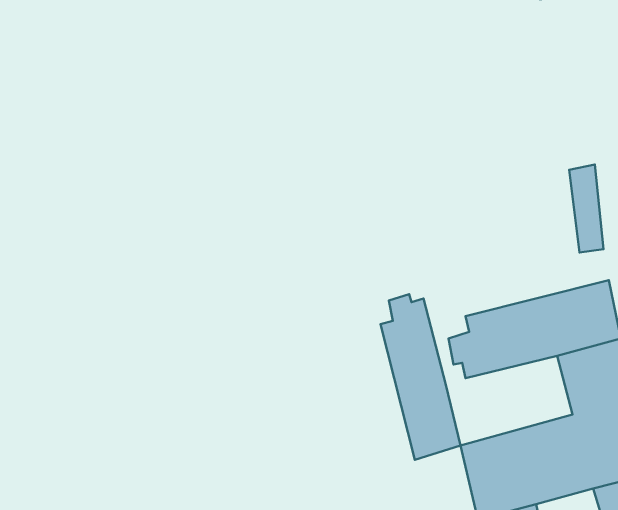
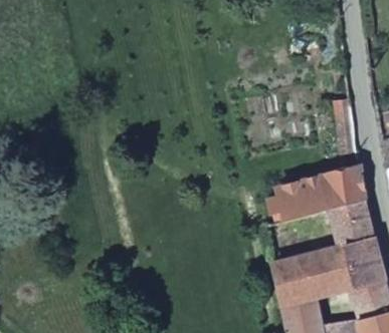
building: [381,294,460,460] -> none

